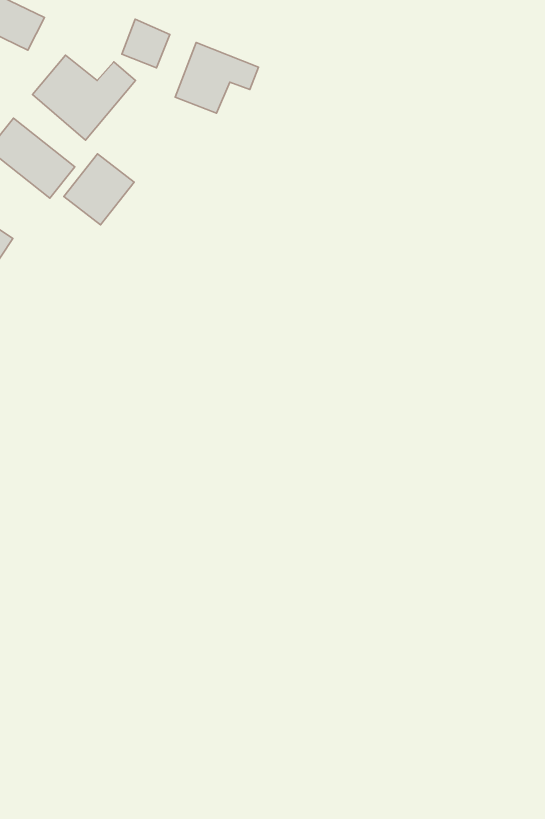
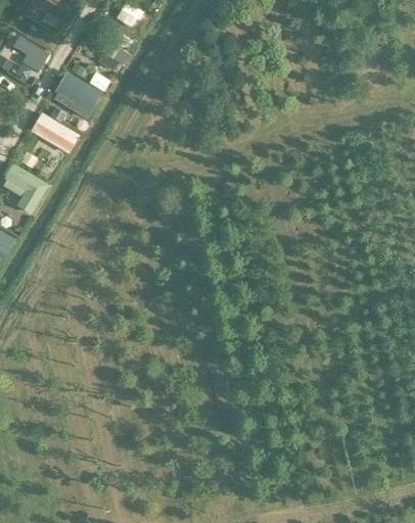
building: [175,42,259,113] -> none
building: [64,154,134,225] -> none

